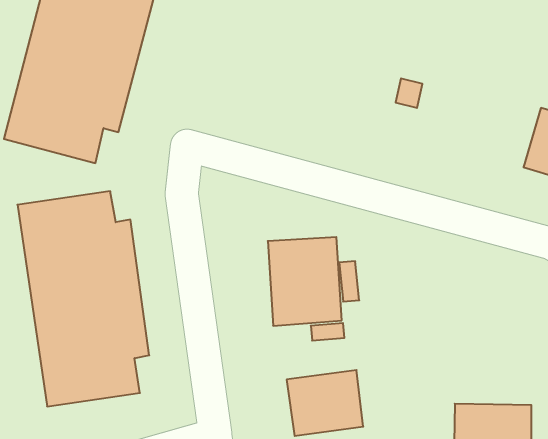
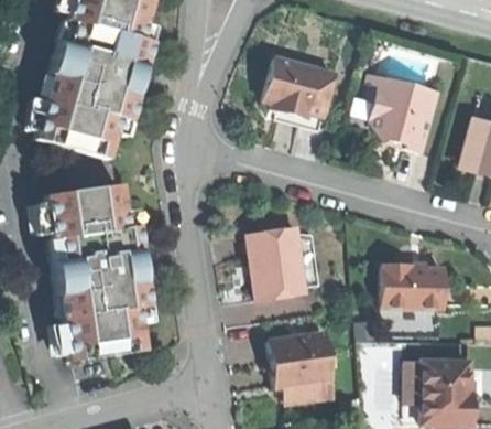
building: none -> [261,47,346,119]
building: none -> [369,69,444,148]
building: none -> [378,262,439,307]

